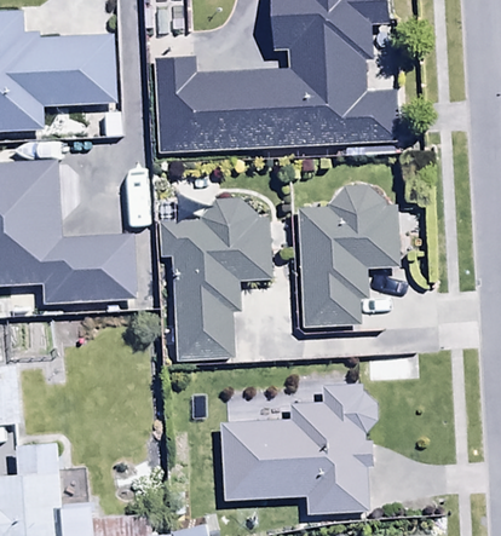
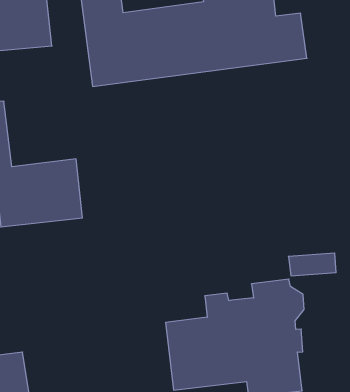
building: [296,188,399,325] -> none
building: [161,198,271,359] -> none

